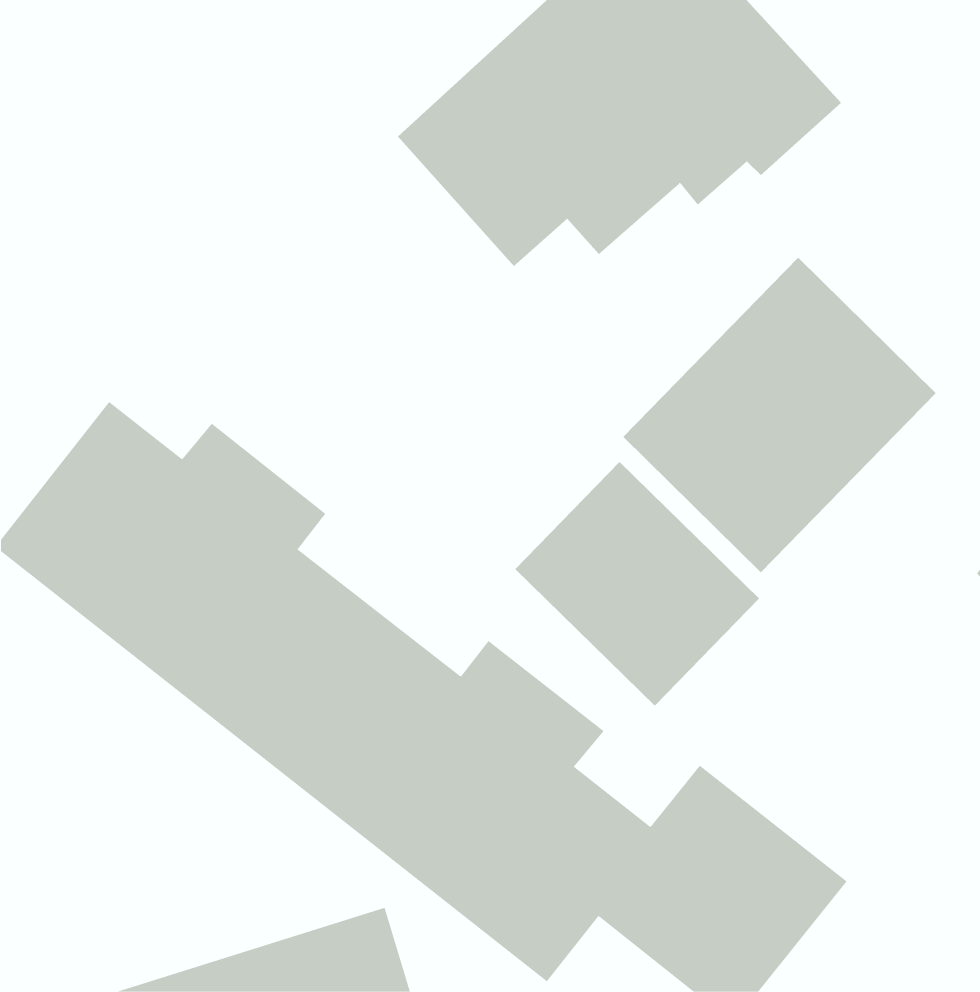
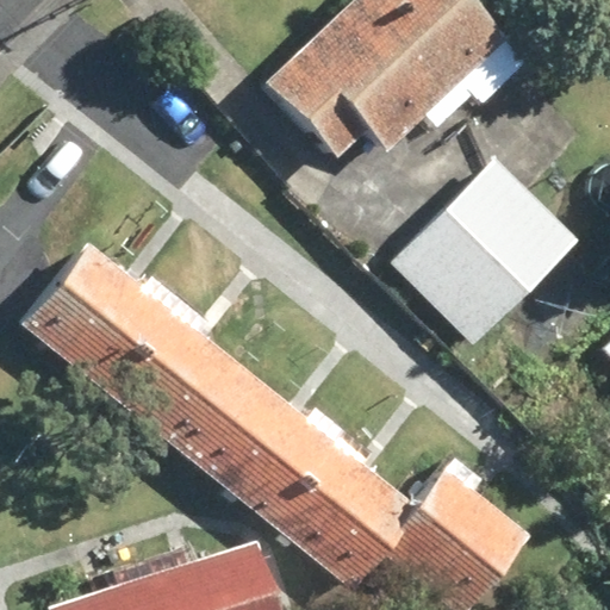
building: [515,461,760,707] -> none

